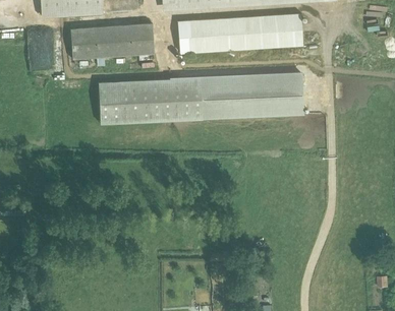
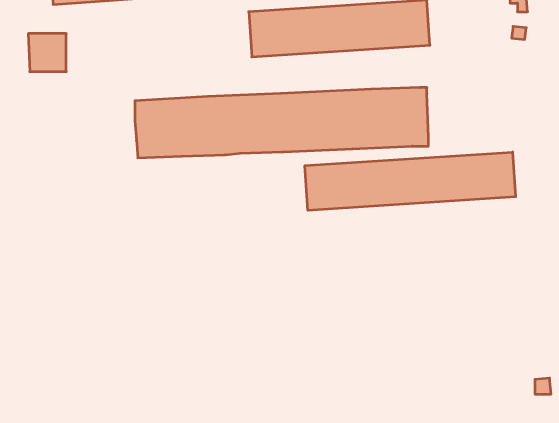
building: [70,23,154,59] -> none
building: none -> [305,152,516,210]

